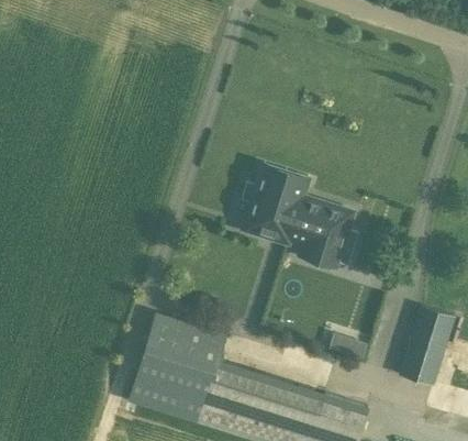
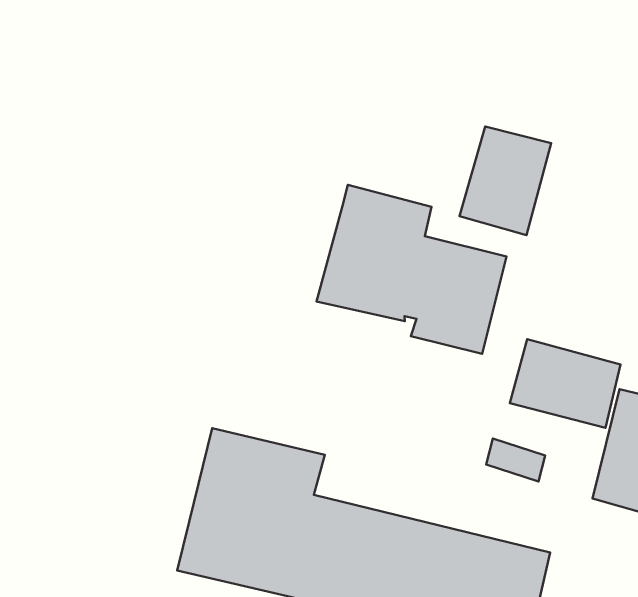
building: none -> [460,126,551,235]
building: none -> [510,339,620,428]

